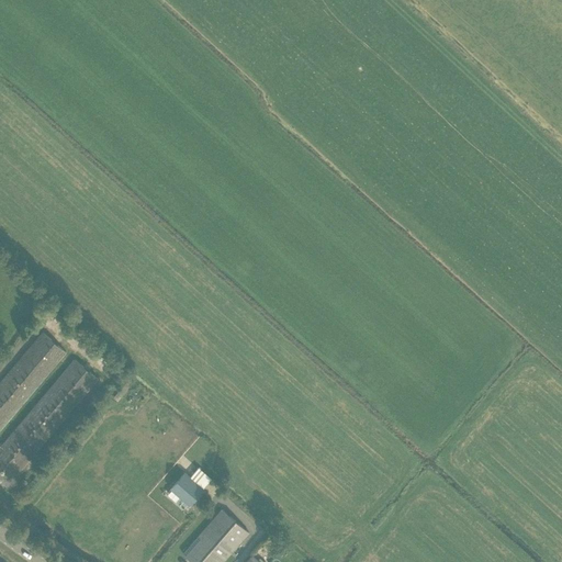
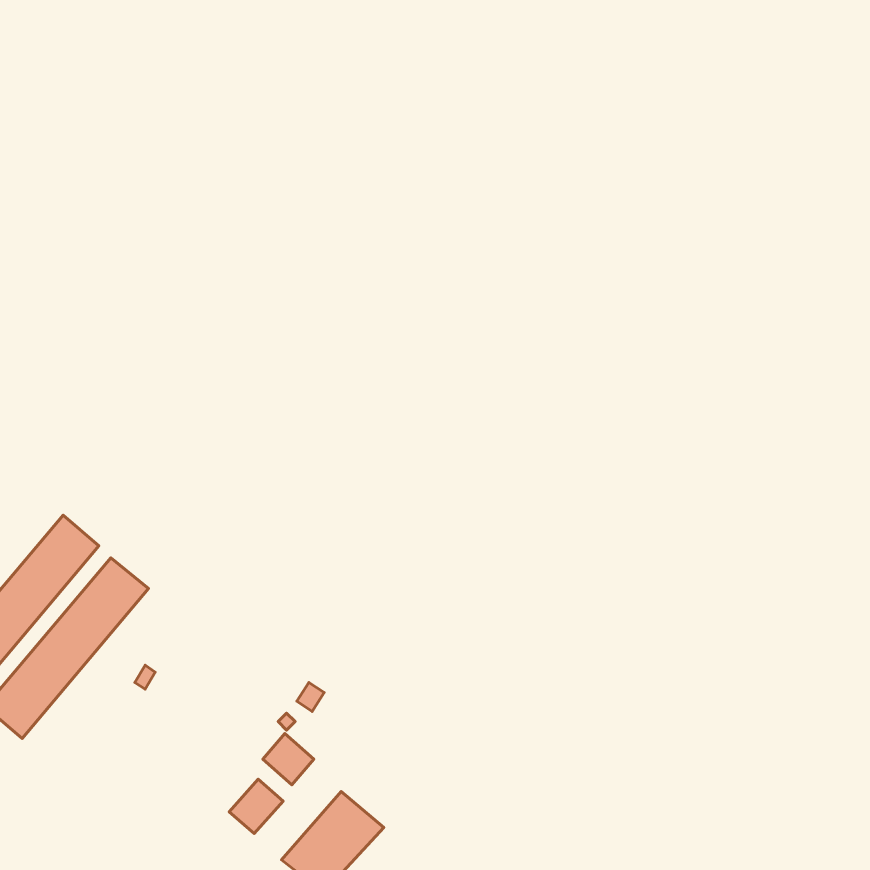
building: none -> [229,779,283,834]

